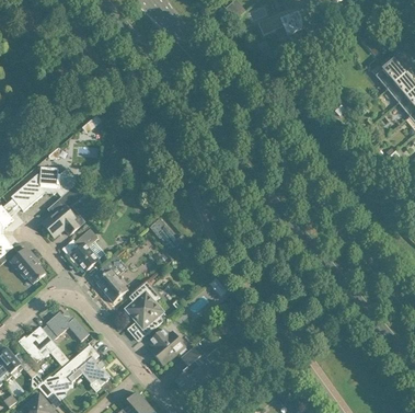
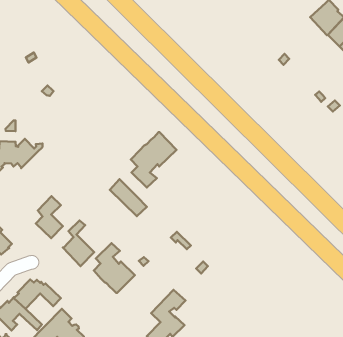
building: none -> [131,132,177,188]
building: [43,180,87,236] -> none
building: [149,326,185,364] -> none

